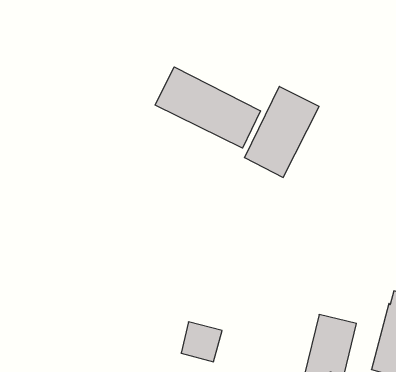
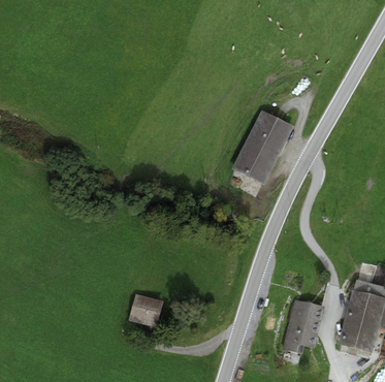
building: [155,67,260,148] -> none
building: [181,322,222,362] -> [129,293,163,326]

